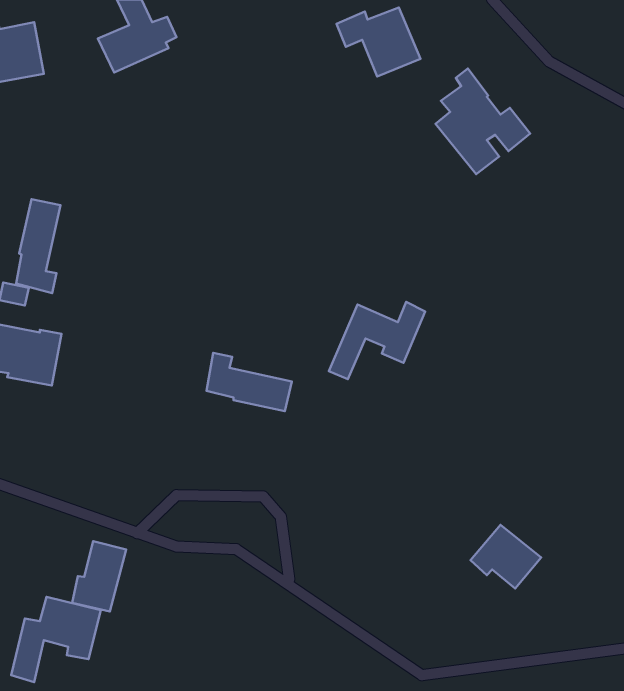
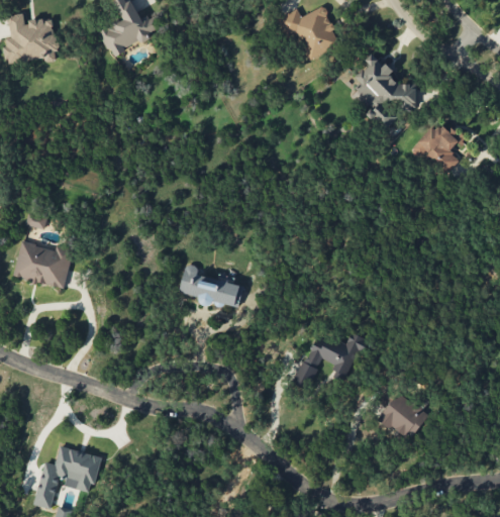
building: none -> [412,118,465,173]
building: [16,199,60,293] -> none
building: [329,302,425,379] -> [294,331,366,389]
building: [72,541,126,611] -> none

